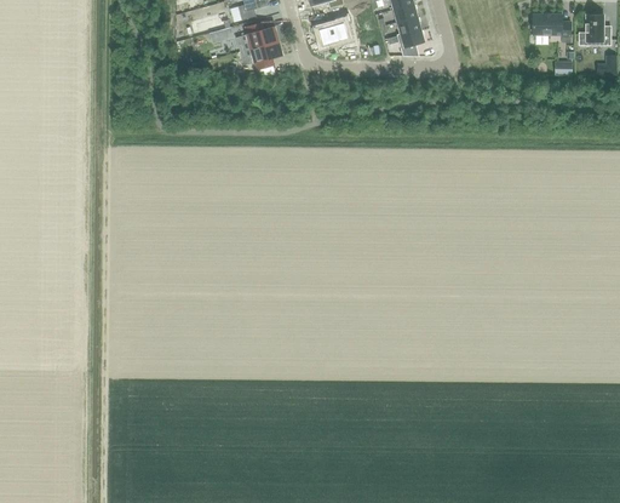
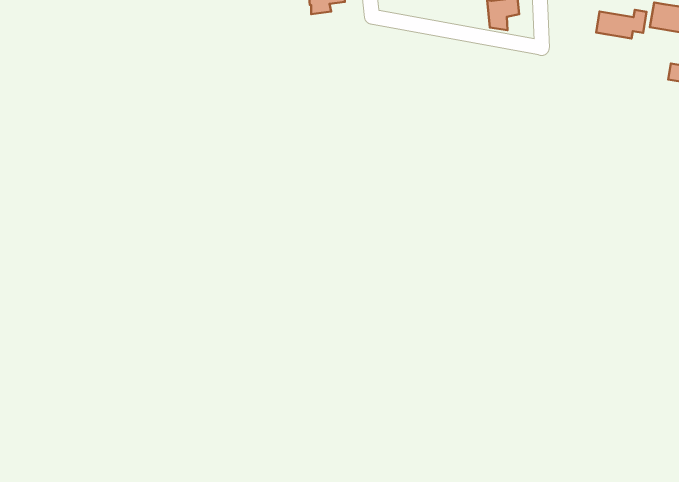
building: none -> [596,10,647,39]

